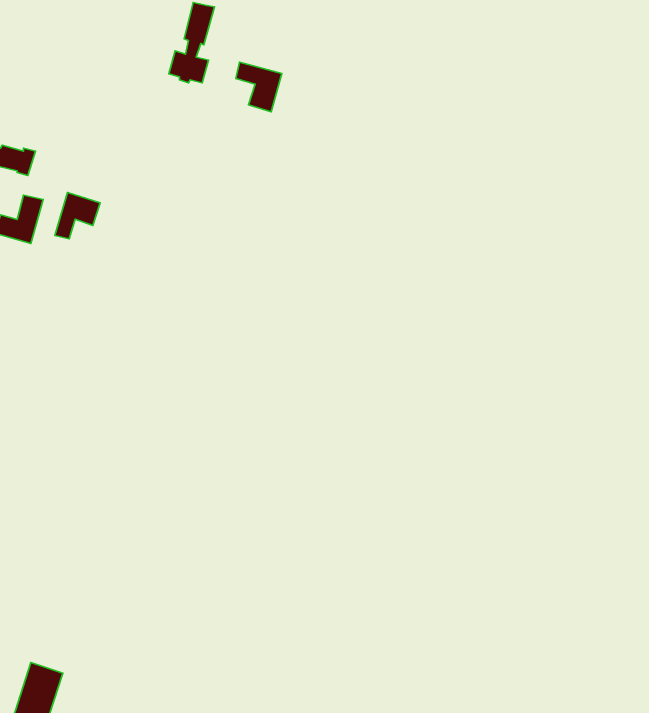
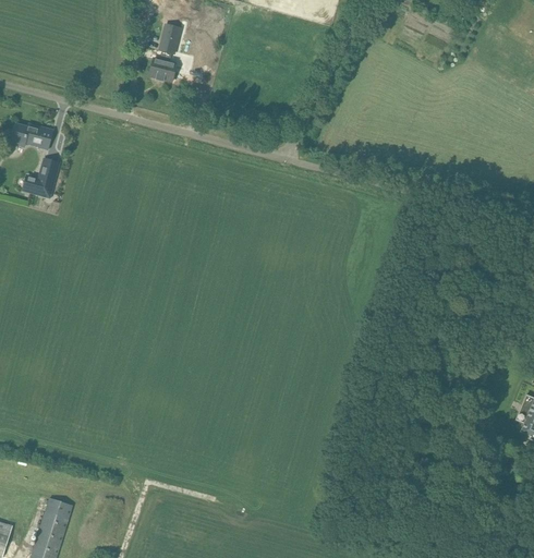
building: [236,62,282,112] -> none
building: [55,193,100,239] -> none

